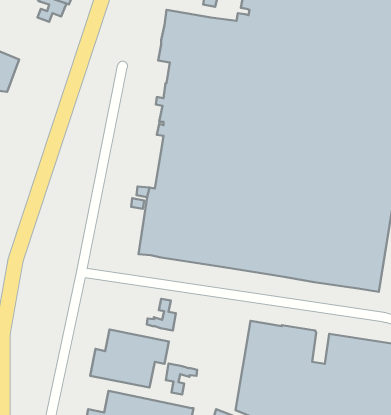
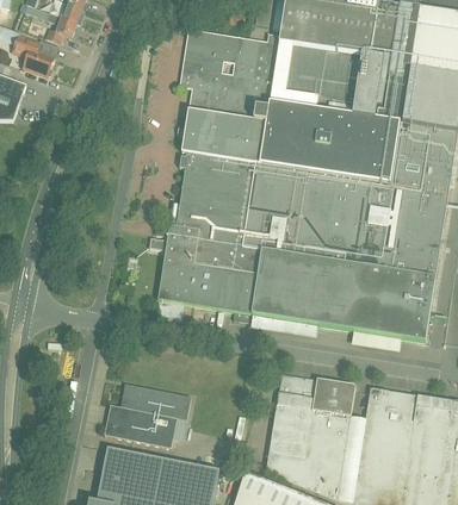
building: none -> [13,33,54,74]
building: [147,299,176,331] -> none
building: [166,363,197,395] -> none

